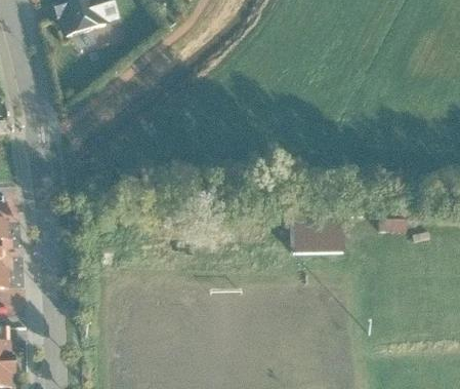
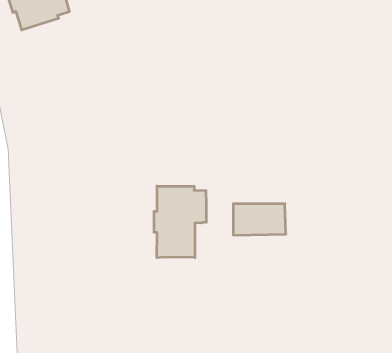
building: none -> [154,186,206,258]

